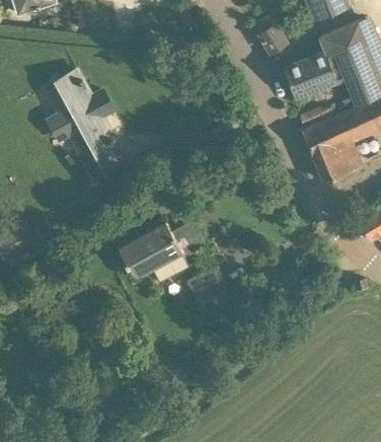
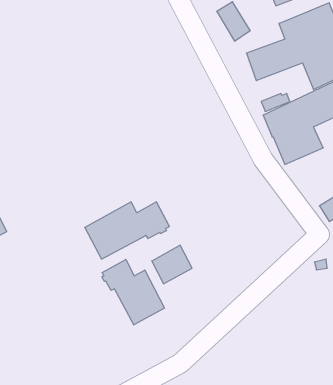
building: [44,71,125,178] -> none
building: none -> [102,259,164,325]

